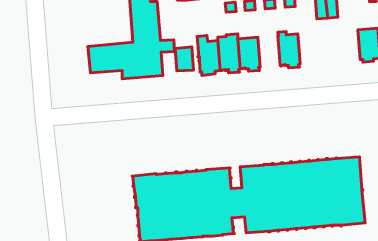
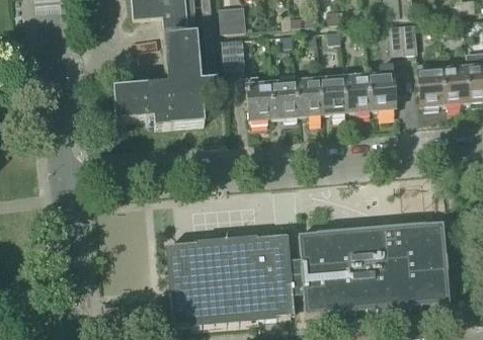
building: none -> [417,61,445,108]
building: none -> [369,63,397,111]
building: none -> [320,74,347,115]
building: [175,47,193,71] -> [223,37,245,67]

